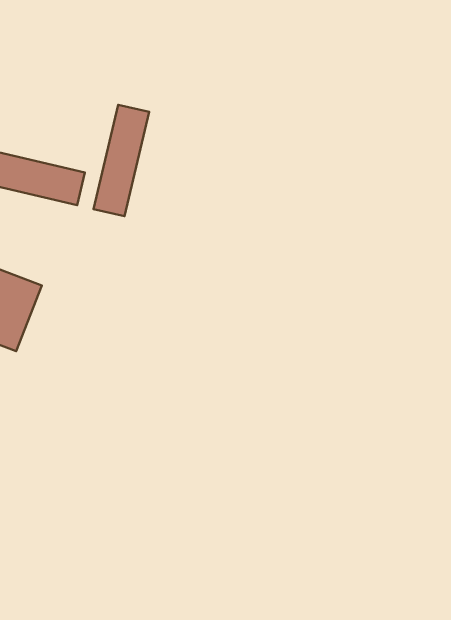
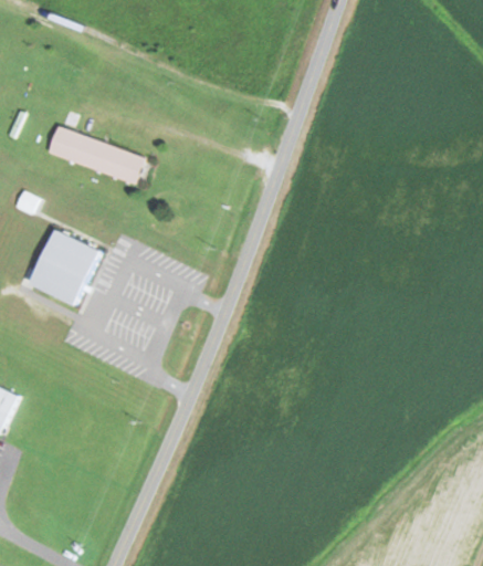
building: [94,105,149,216] -> none

